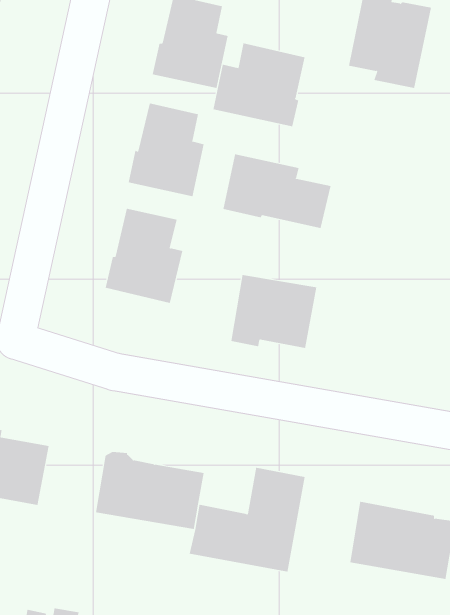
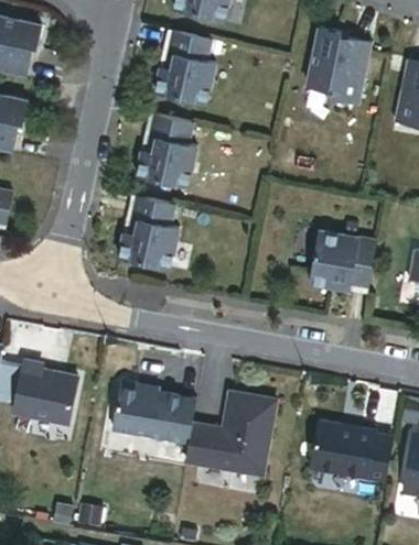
building: [213,42,305,127] -> none
building: [223,154,331,229] -> none
building: [230,274,317,348] -> [309,231,376,288]

